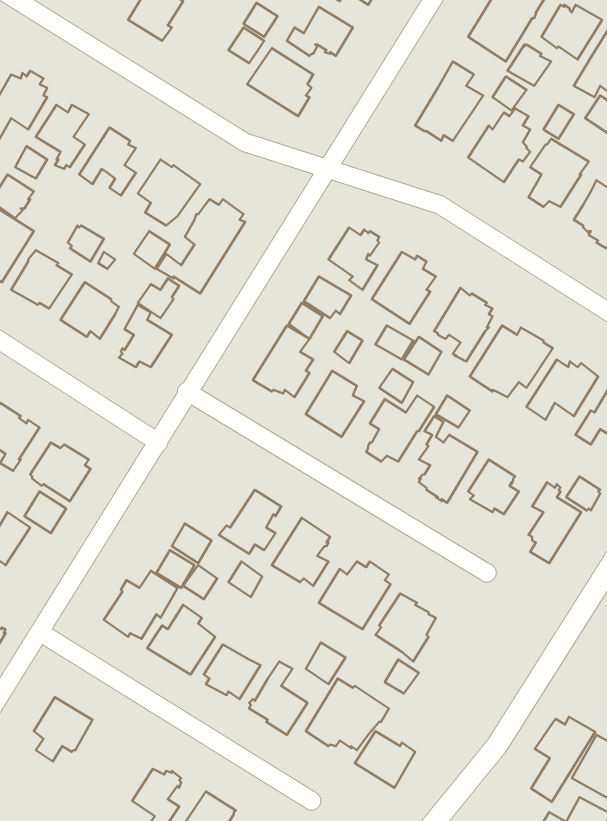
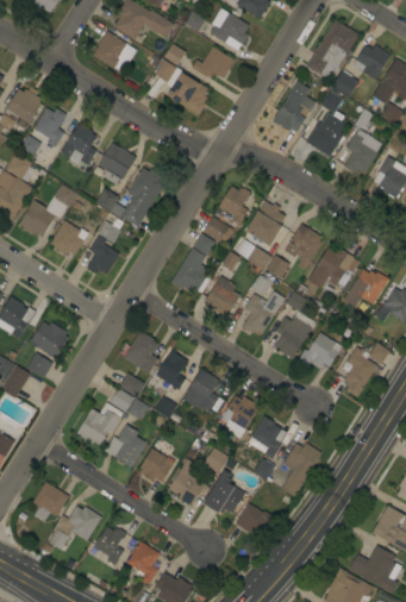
building: none -> [123,331,158,374]
building: [531,717,595,802] -> [281,443,321,496]
building: none -> [49,506,101,550]

